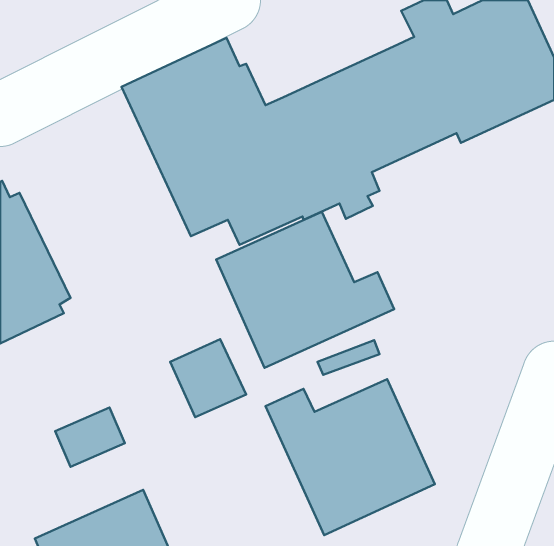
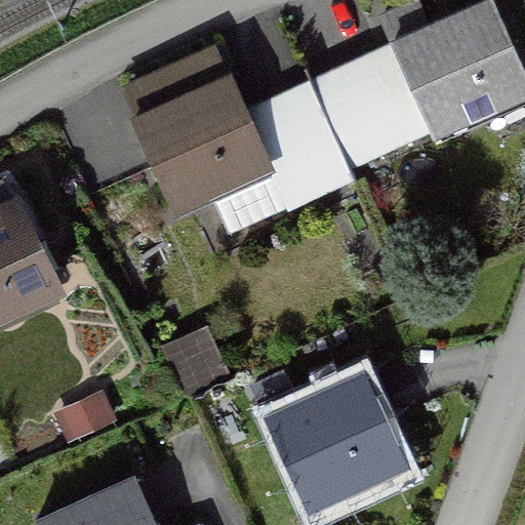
building: [216,212,394,368] -> none

